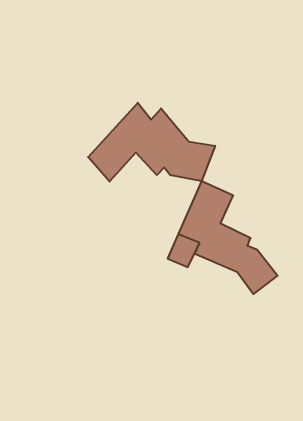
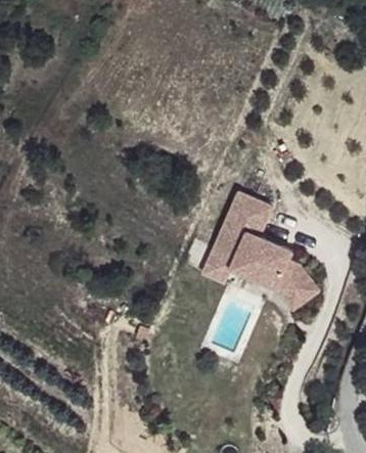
building: [88,103,215,182] -> none

